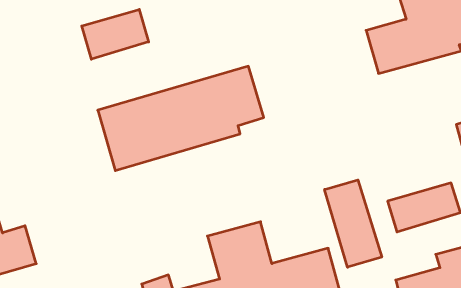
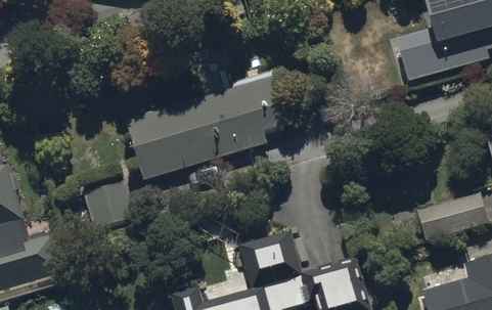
building: [82,9,149,59] -> none
building: none -> [84,179,135,227]
building: [325,180,382,267] -> none

